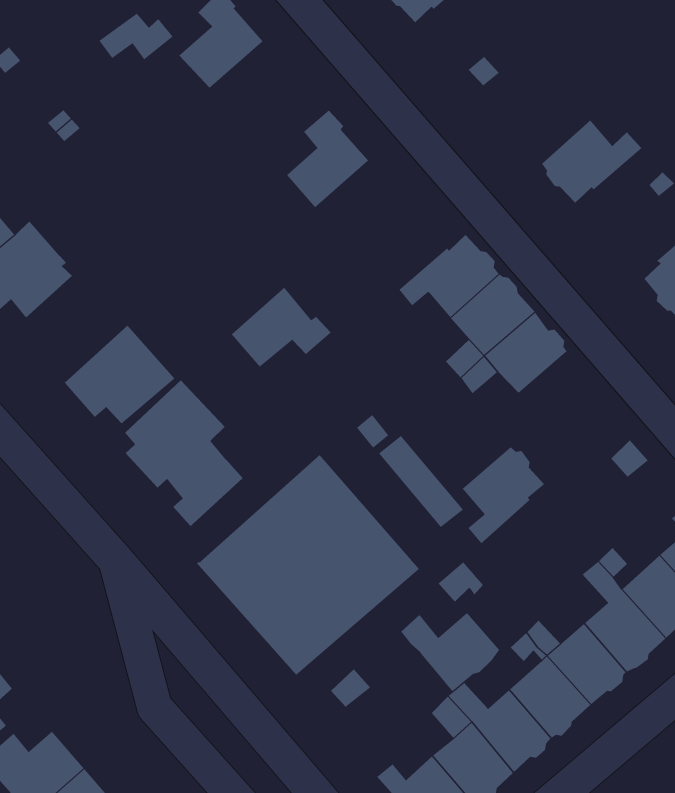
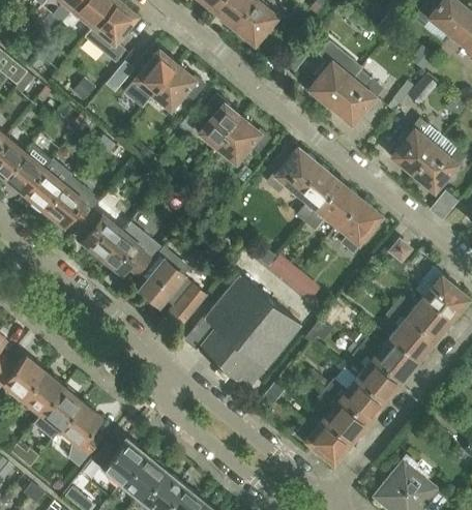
building: none -> [153,66,204,110]
building: none -> [309,42,361,107]
building: none -> [78,203,130,259]
building: [231,287,332,367] -> [217,119,269,162]
building: [462,446,545,544] -> [337,201,380,253]
building: [400,612,500,692] -> none

